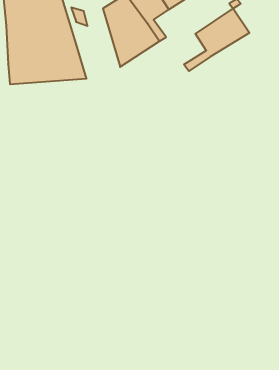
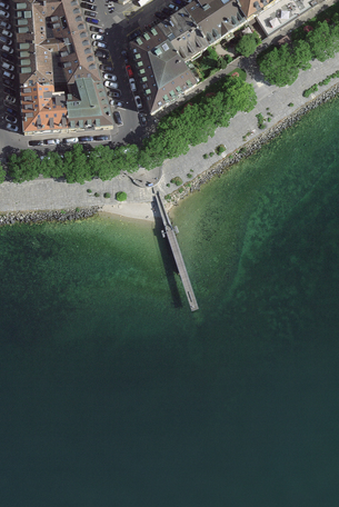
building: [184,8,249,71] -> none

